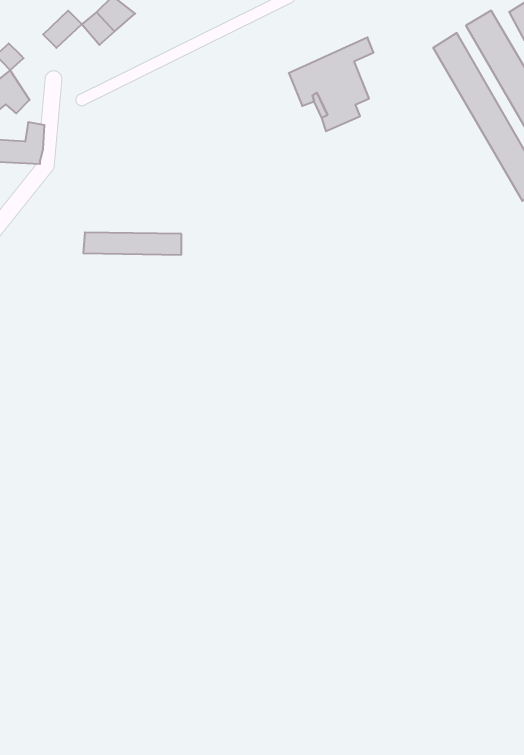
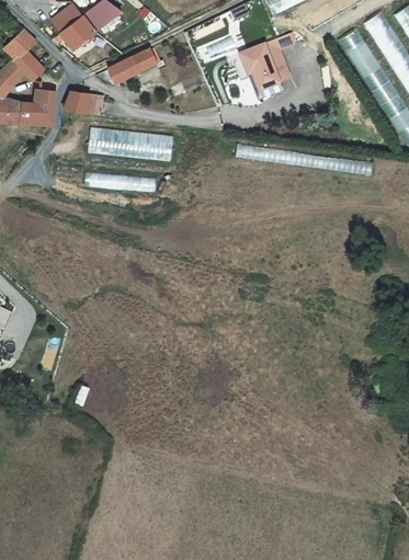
building: none -> [52,20,95,53]
building: none -> [107,48,157,83]
building: none -> [61,91,98,114]
building: none -> [87,127,172,160]

